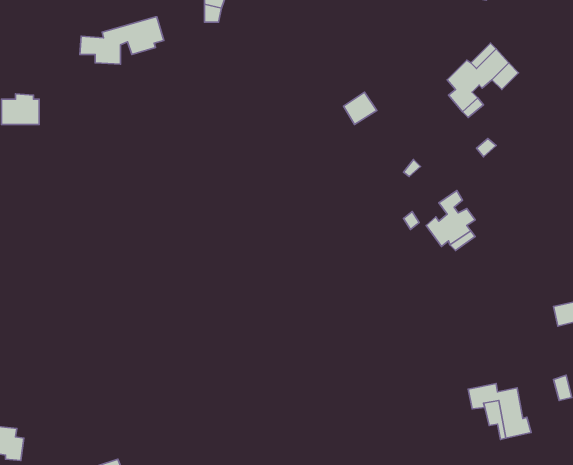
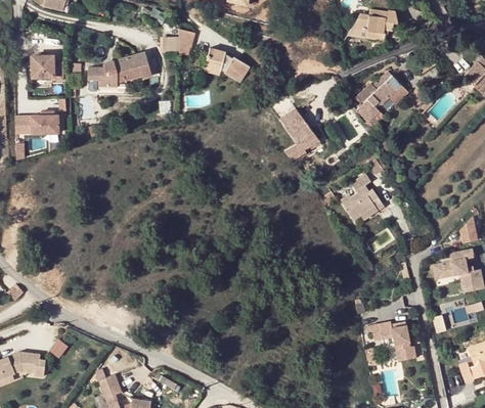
building: none -> [205,48,249,83]
building: none -> [34,54,63,79]
building: none -> [284,122,318,161]

